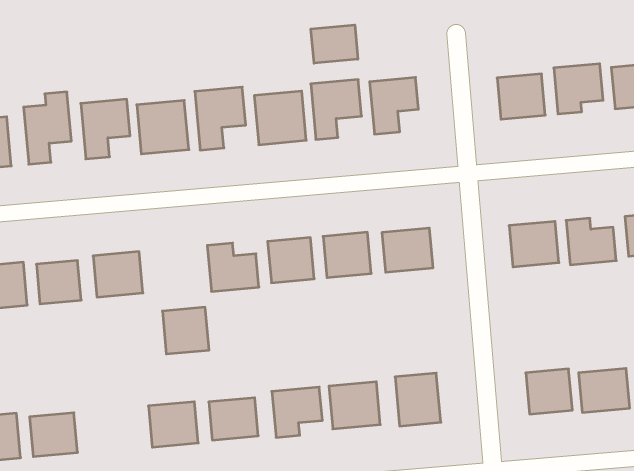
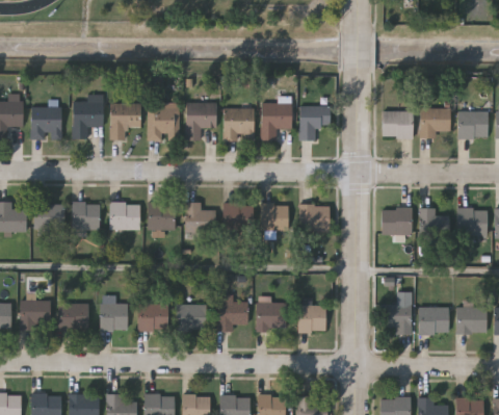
building: [311,25,358,63] -> none
building: [162,307,209,354] -> [147,203,175,231]
building: none -> [100,304,127,330]

